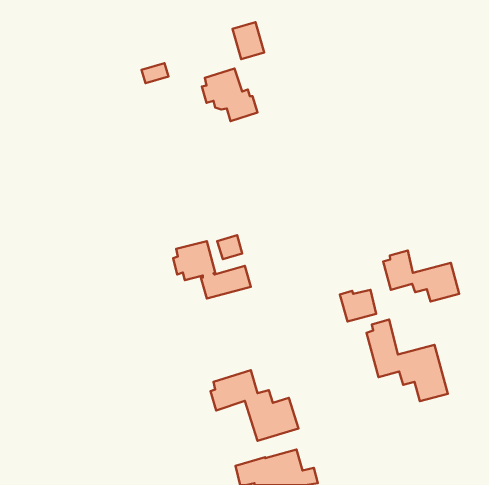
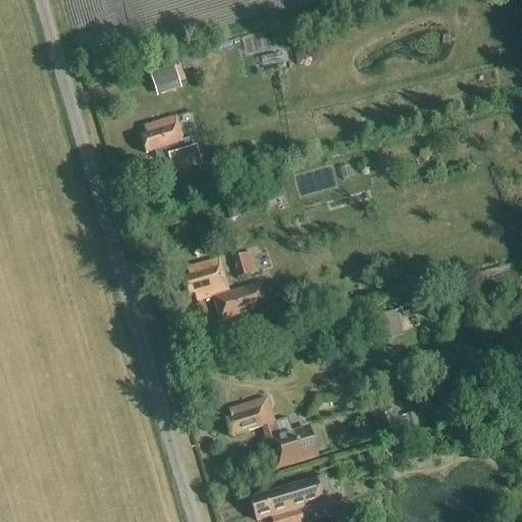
building: [202,68,257,121] -> [142,115,201,171]
building: [383,251,459,301] -> none
building: [366,320,448,401] -> none

